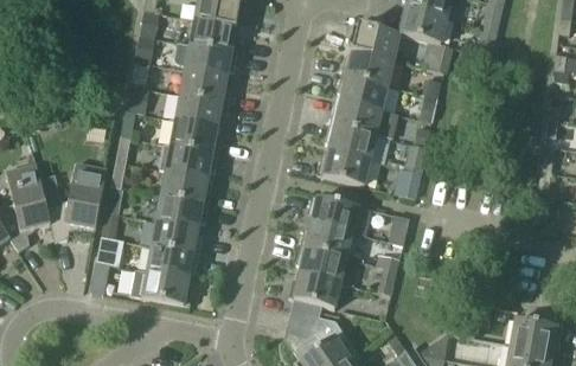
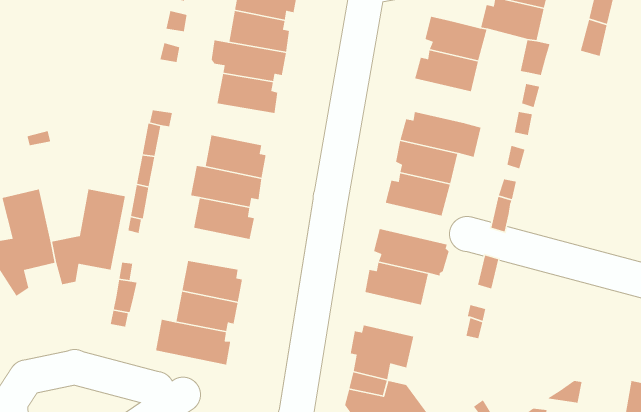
building: [337,73,386,109] -> none
building: [175,94,228,127] -> none
building: [156,194,207,227] -> none
building: [295,246,346,282] -> none

